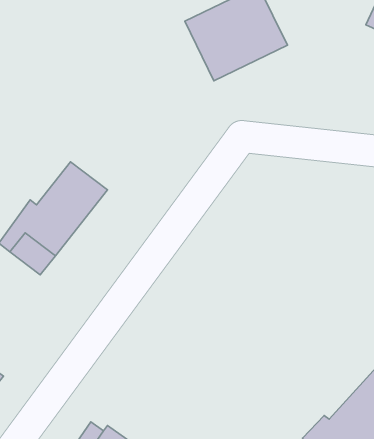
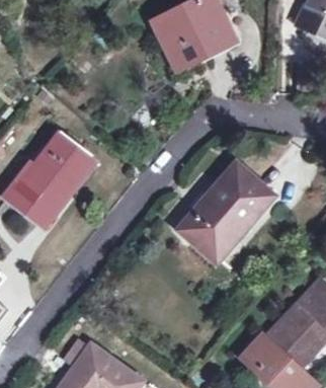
building: none -> [180,165,270,259]

